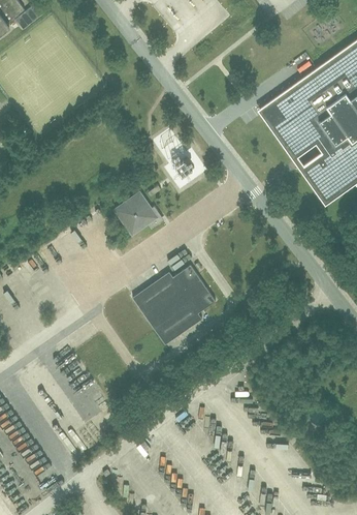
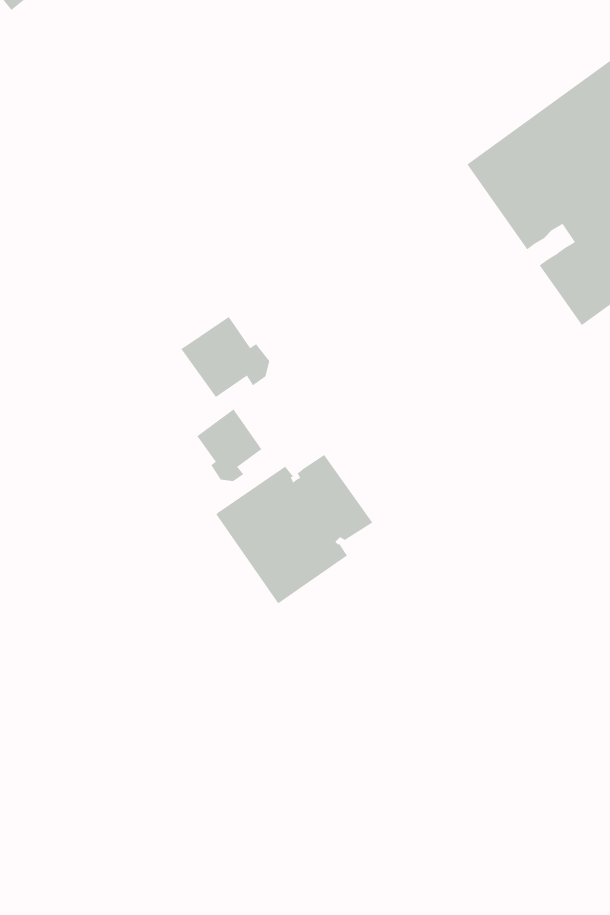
building: none -> [196,409,262,482]

